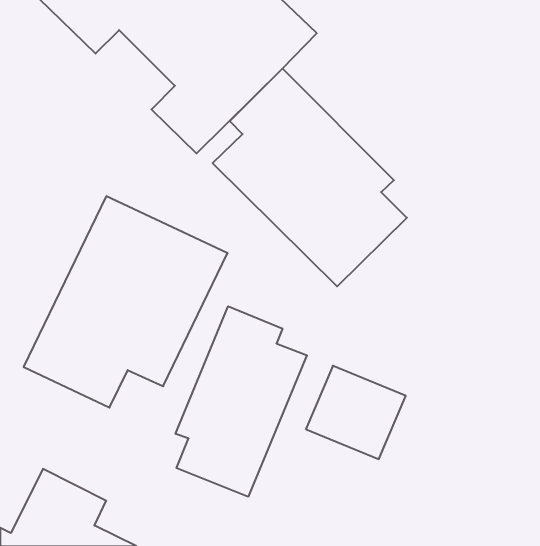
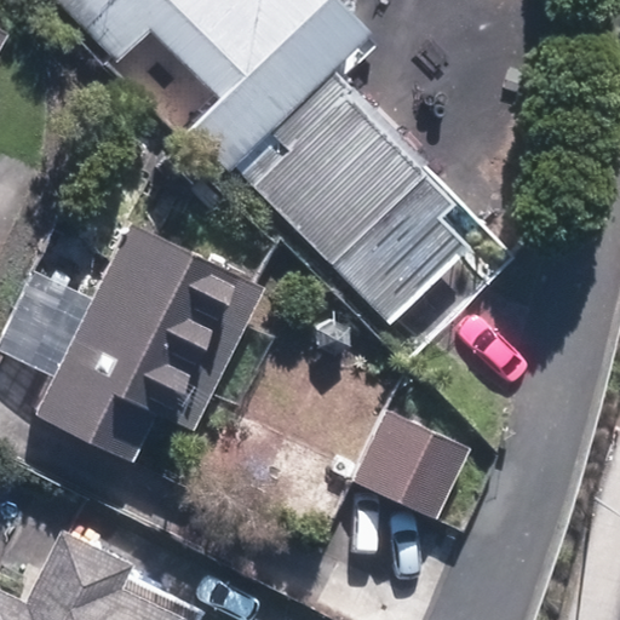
building: [176,306,307,497] -> none

